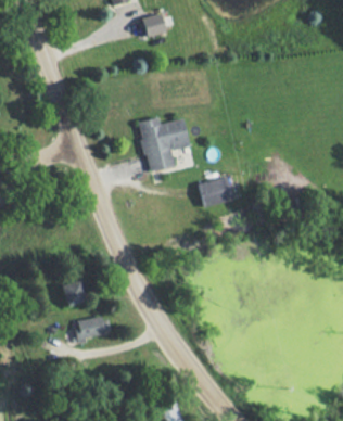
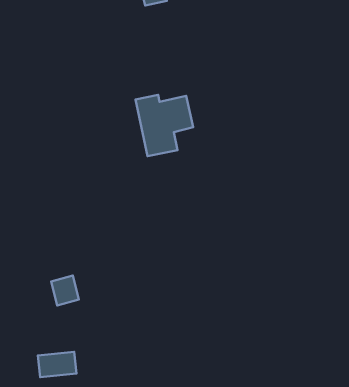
building: [198,177,233,208] -> none
building: [76,317,111,340] -> [38,352,76,377]

